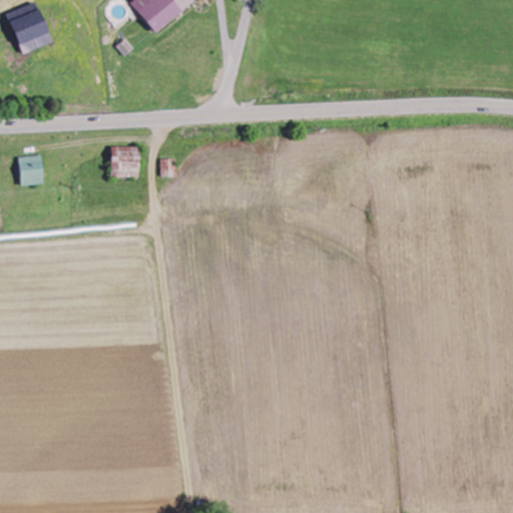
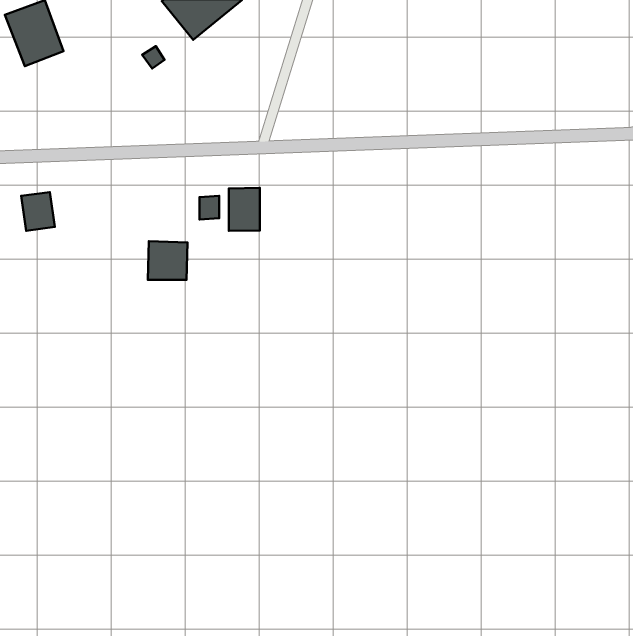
building: [109,145,141,176] -> [148,241,188,280]
building: none -> [229,188,260,231]

